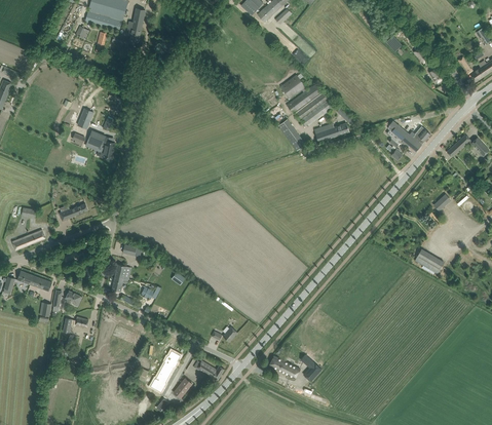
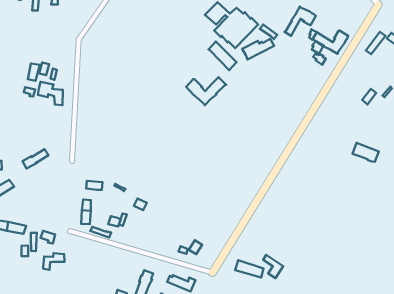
building: none -> [285,7,316,36]
building: none -> [186,77,226,105]

